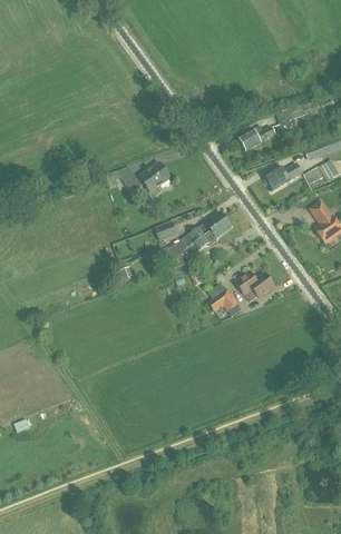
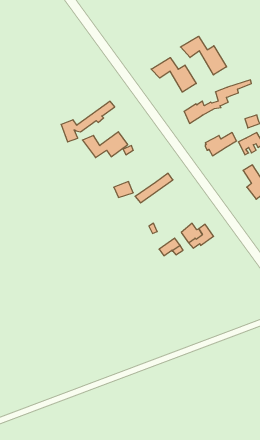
building: none -> [180,36,227,75]
building: none -> [151,58,196,92]
building: [165,219,230,268] -> [61,101,115,142]

